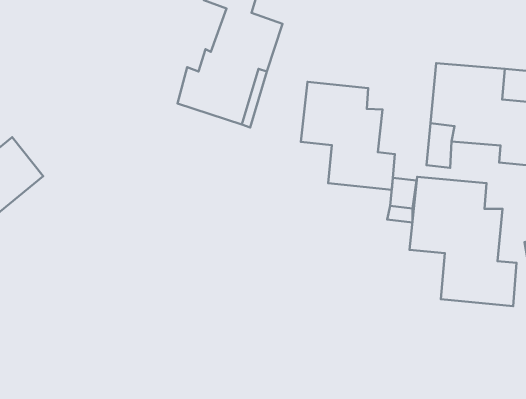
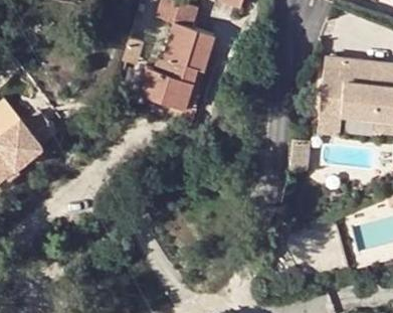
building: [301,82,395,190] -> none
building: [410,177,517,306] -> none

